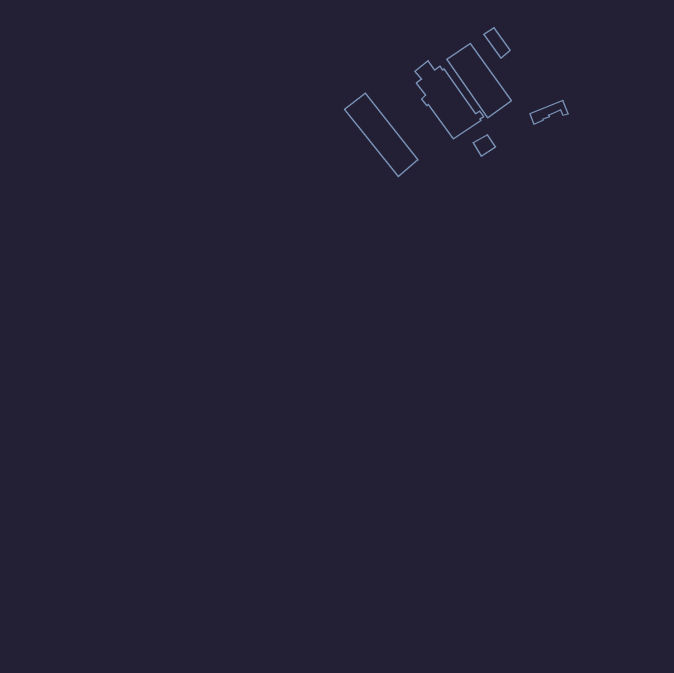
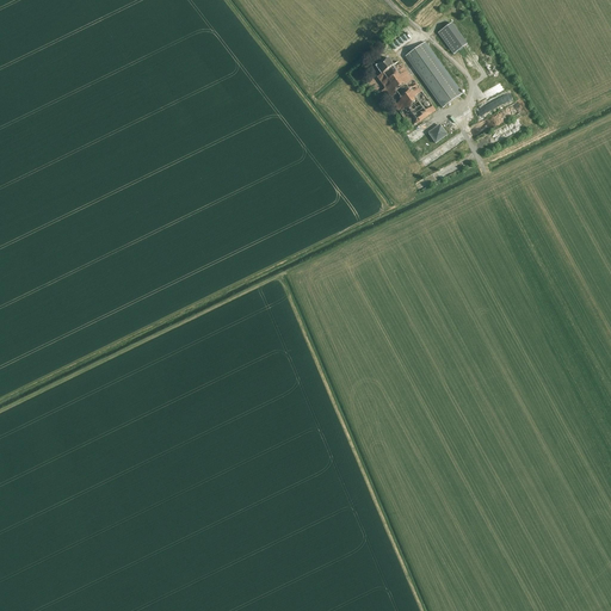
building: [345,93,418,177] -> none

